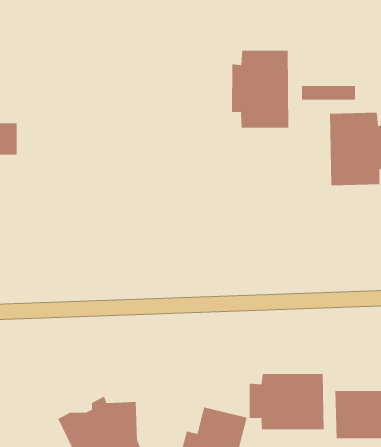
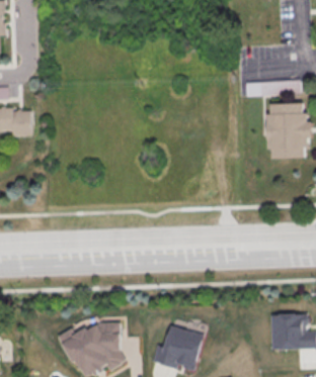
building: [232,50,289,129] -> none
building: [249,373,324,430] -> none

